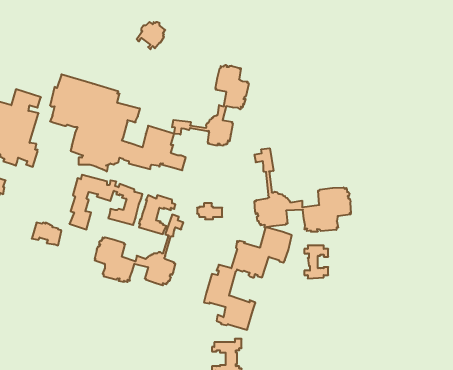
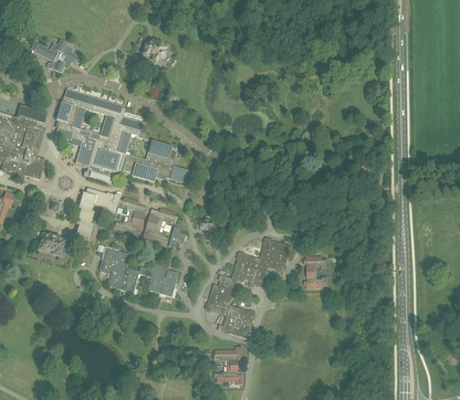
building: none -> [33,38,76,72]
building: [172,65,249,146] -> none
building: [255,148,351,232] -> none

